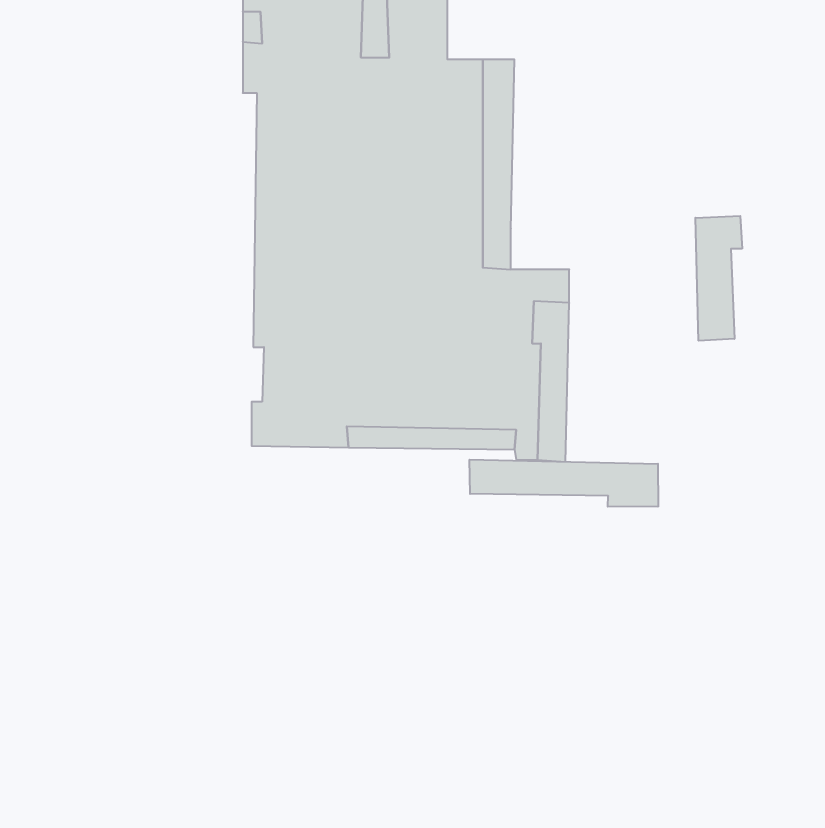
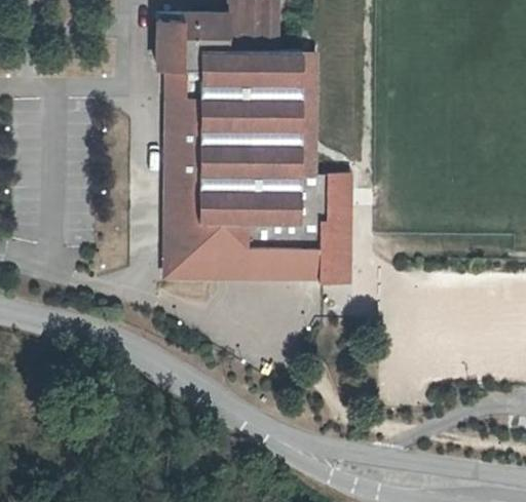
building: [695,216,742,341] -> none
building: [470,460,658,507] -> none

